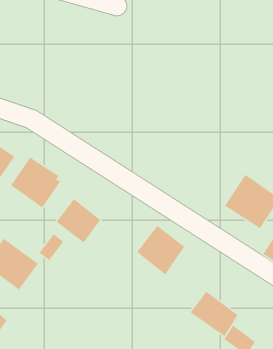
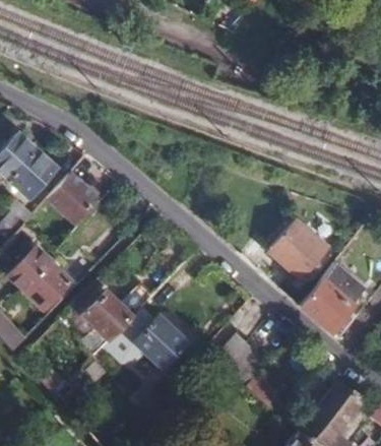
building: [56,198,101,243] -> [83,294,131,342]
building: [136,225,185,275] -> [136,316,188,370]

